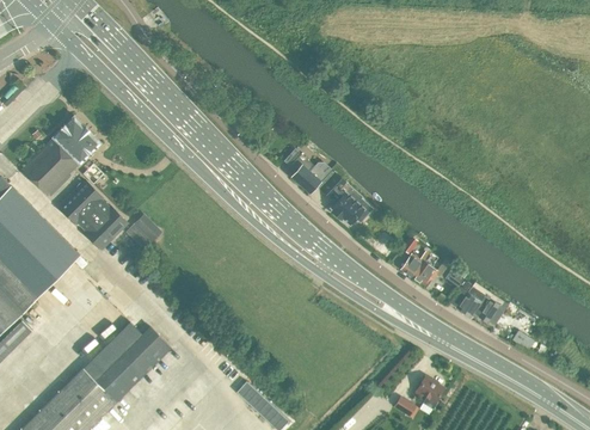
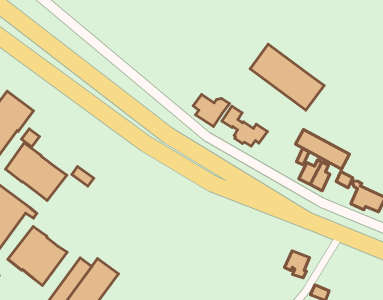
building: none -> [250,44,324,110]
building: none -> [295,129,349,169]
building: none -> [8,227,67,286]
building: [413,375,444,408] -> [284,251,309,278]

